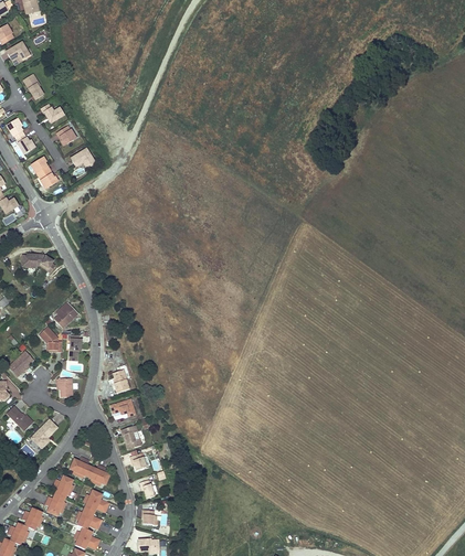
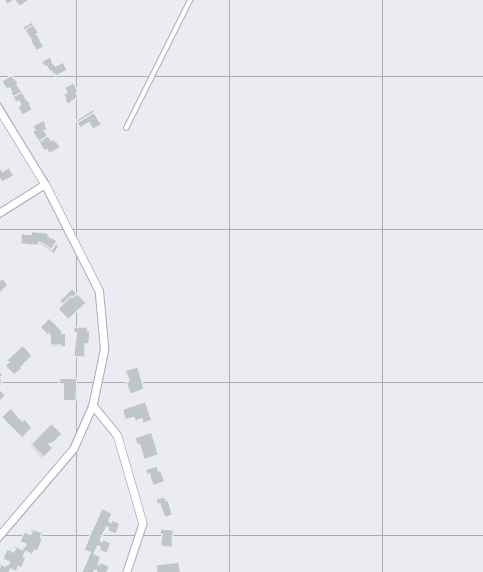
building: [68,458,109,487] -> none
building: [45,477,73,516] -> none

